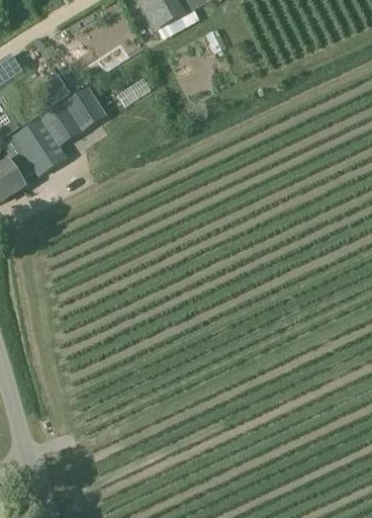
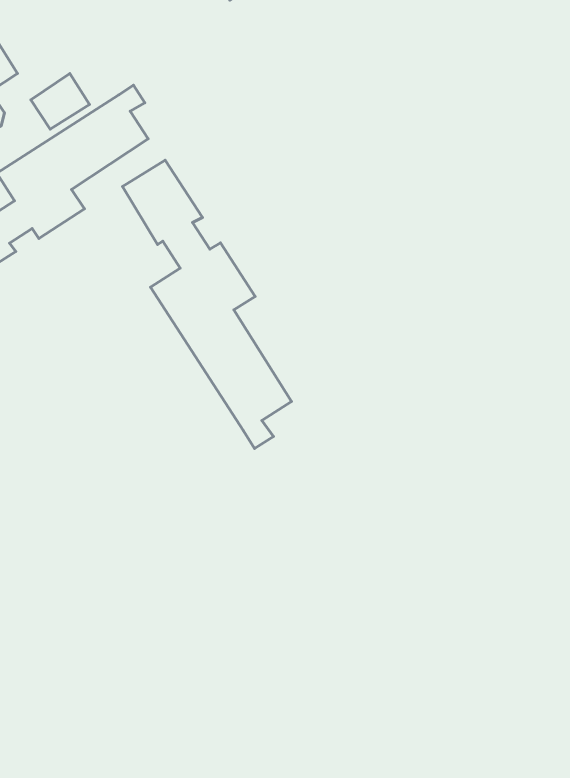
building: none -> [122,160,291,449]

